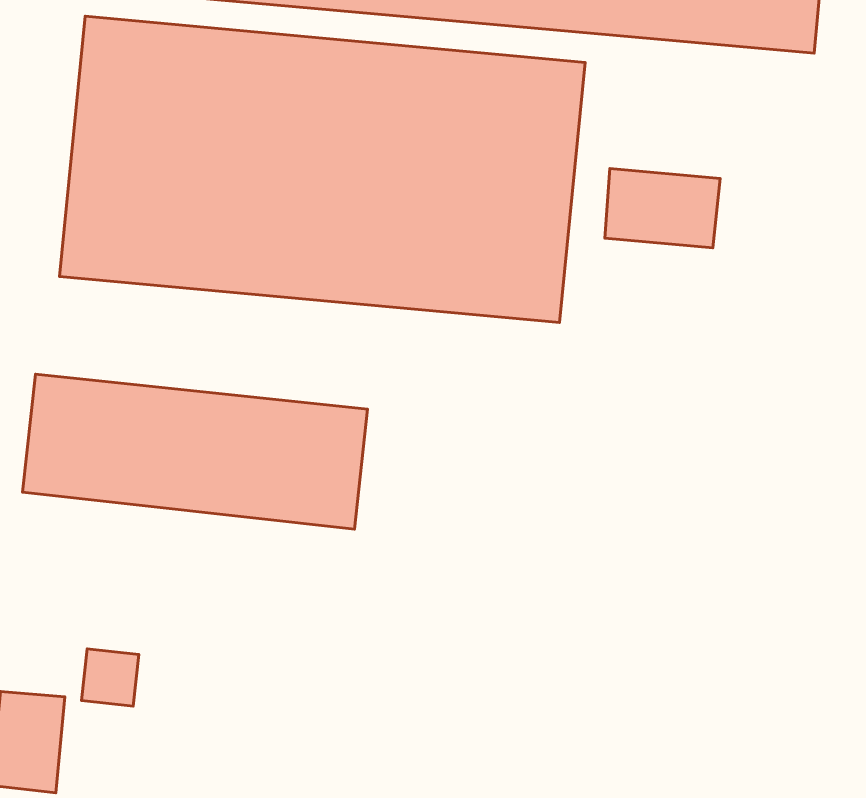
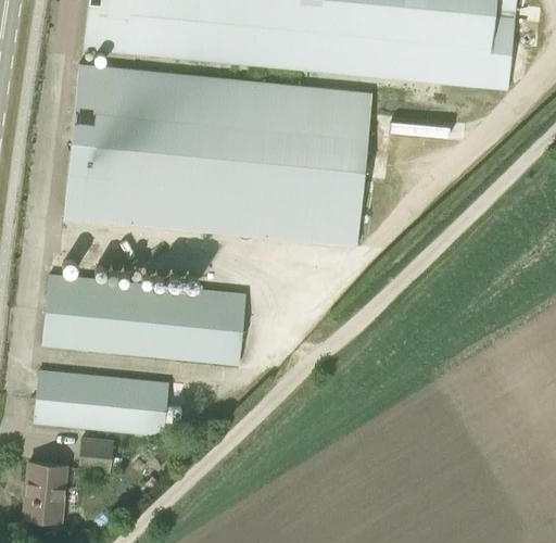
building: [605,168,720,248] -> none
building: none -> [34,370,167,435]

